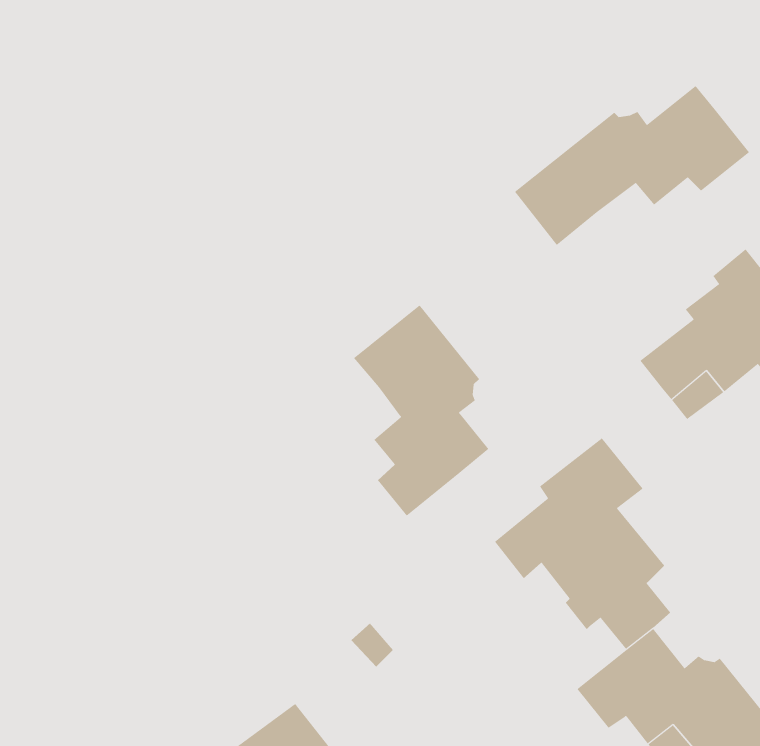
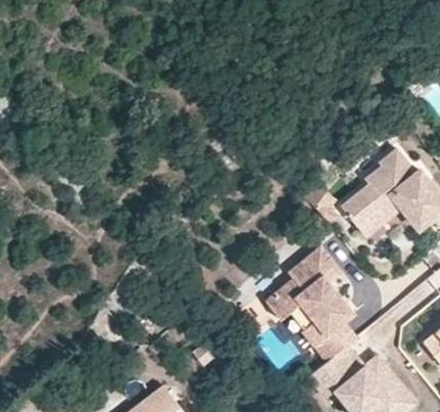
building: [514,85,750,246] -> none
building: [353,305,489,516] -> none

